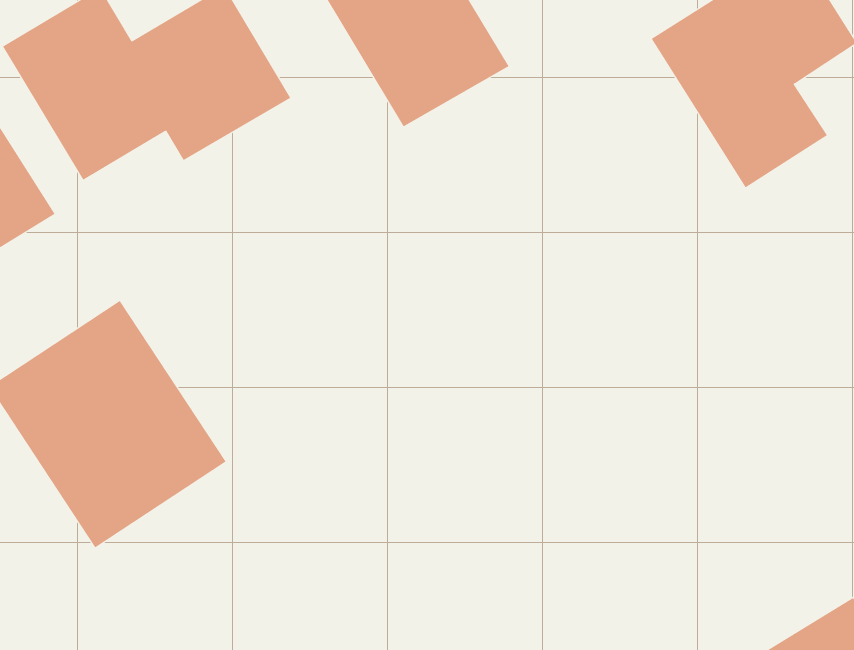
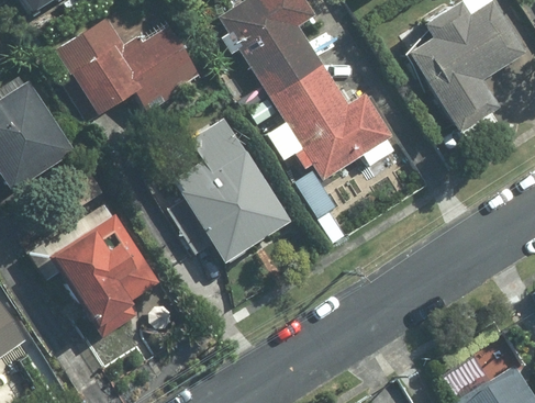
building: none -> [268,65,389,183]
building: none -> [155,114,291,265]

